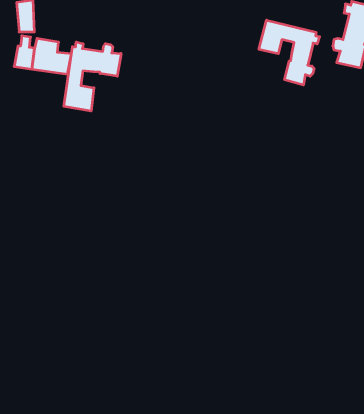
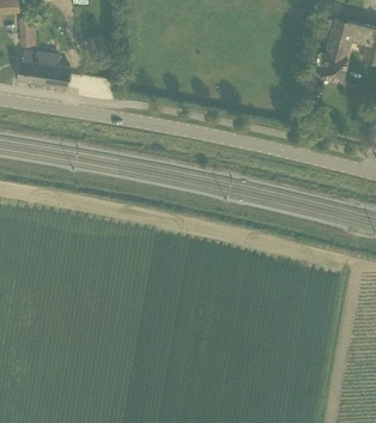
building: [259,20,320,85] -> none
building: [64,42,121,111] -> none

